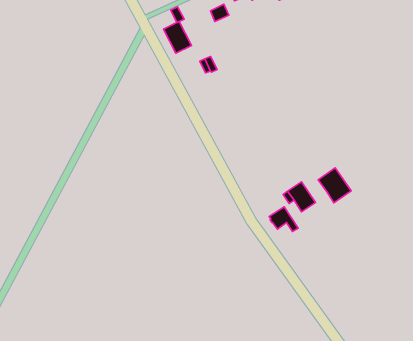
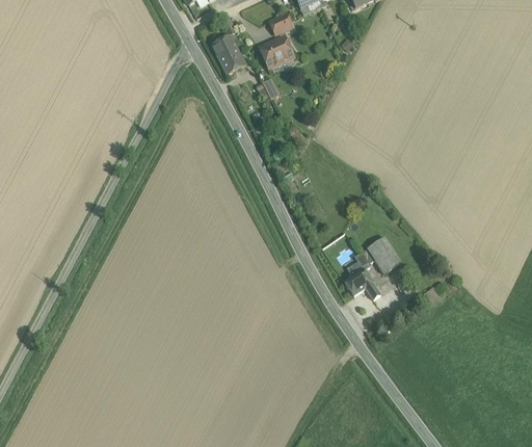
building: none -> [259,34,293,67]
building: [318,168,351,203] -> none

